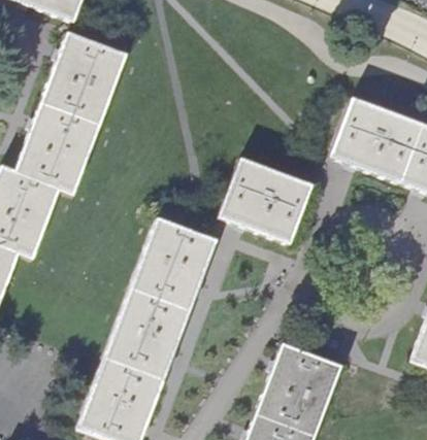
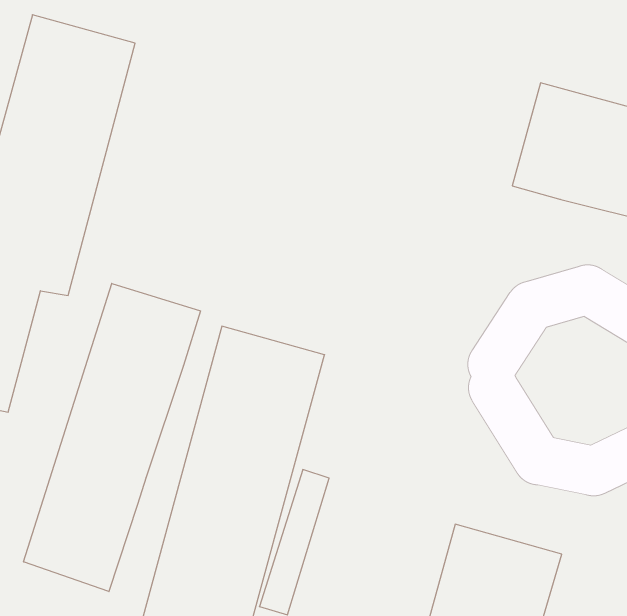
building: [220,161,309,242] -> none
building: none -> [24,283,200,592]

